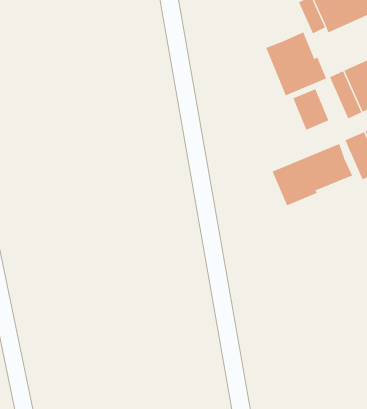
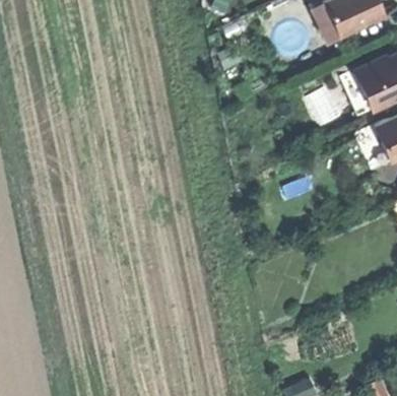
building: [266,32,327,96] -> none
building: [272,143,353,206] -> none

